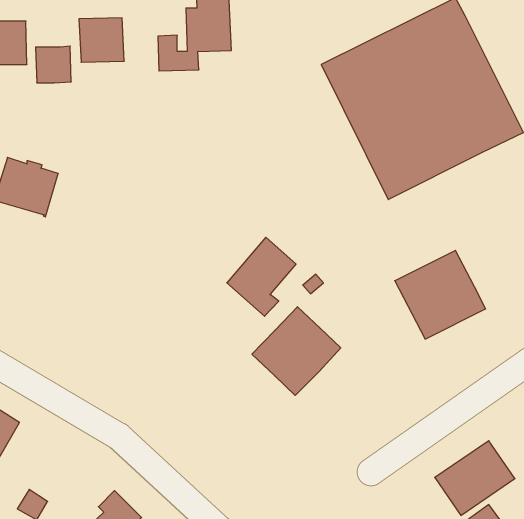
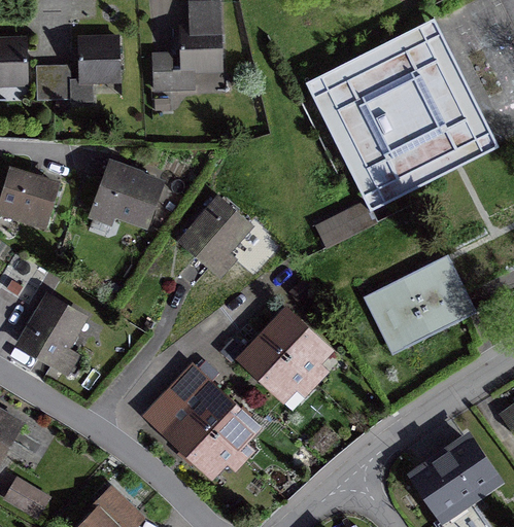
building: none -> [94,164,159,224]
building: [227,237,296,316] -> [181,199,247,274]
building: none -> [20,297,81,364]
building: none -> [152,374,253,473]

